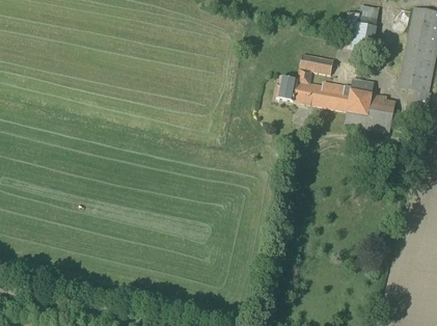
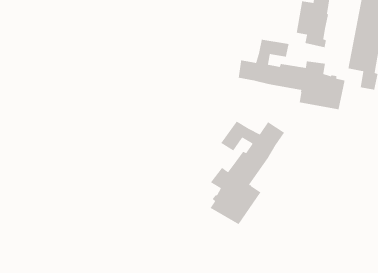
building: none -> [210,121,285,225]

